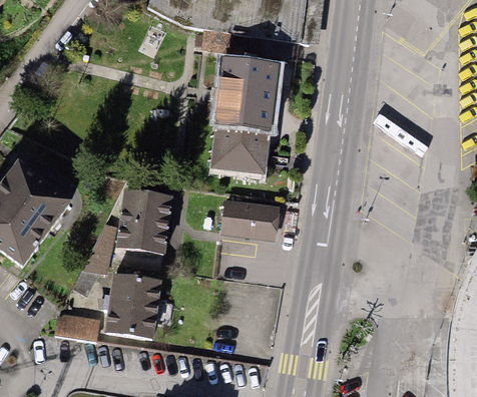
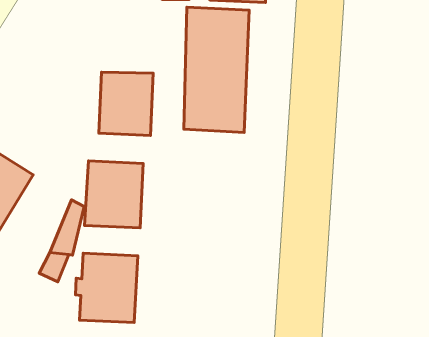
building: none -> [99,72,153,136]
building: [219,199,282,241] -> none
building: [54,314,99,340] -> none

